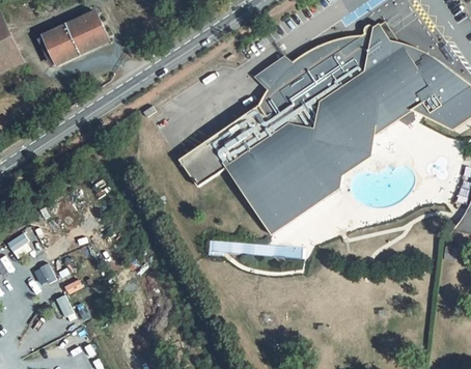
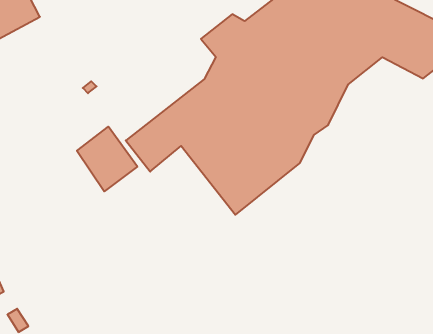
building: none -> [77,127,137,191]

